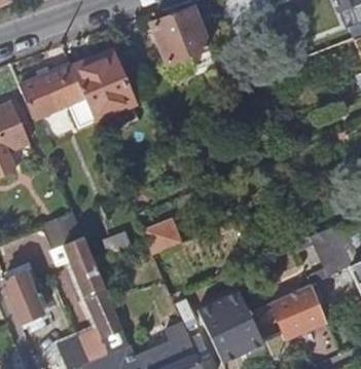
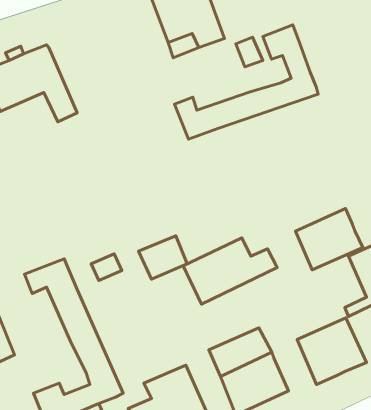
building: none -> [175,25,318,139]
building: [72,50,134,119] -> none
building: none -> [295,208,363,270]
building: none -> [183,238,277,304]

